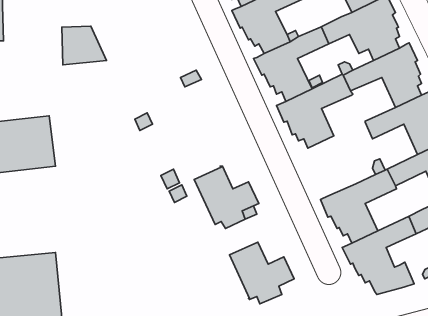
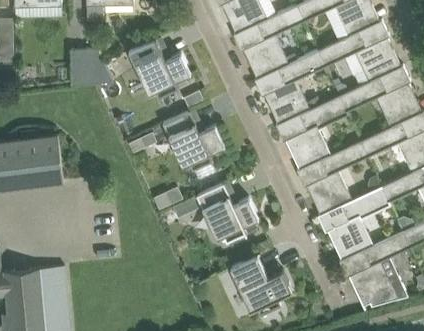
building: none -> [128,38,190,98]
building: none -> [162,110,224,170]
building: none -> [296,140,367,211]

